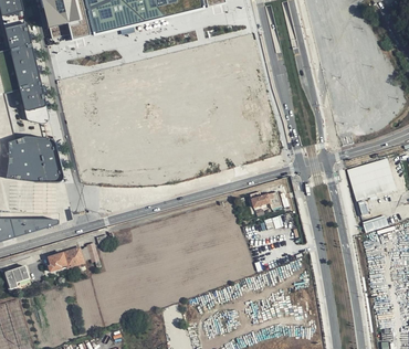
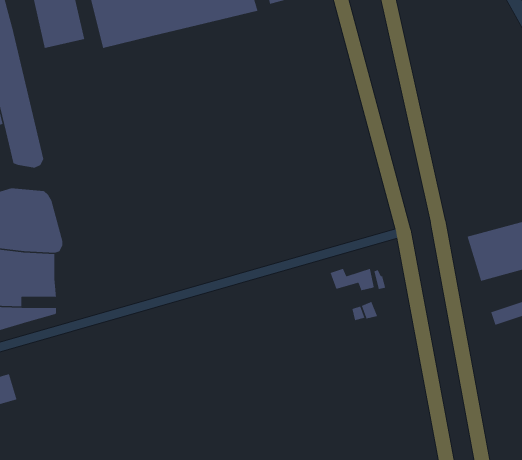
building: [46,243,99,271] -> none

